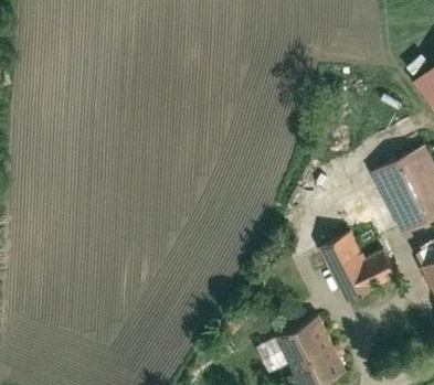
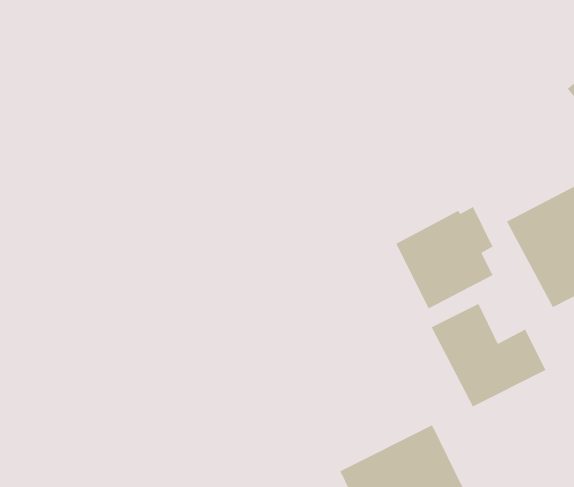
building: none -> [395,206,493,309]

